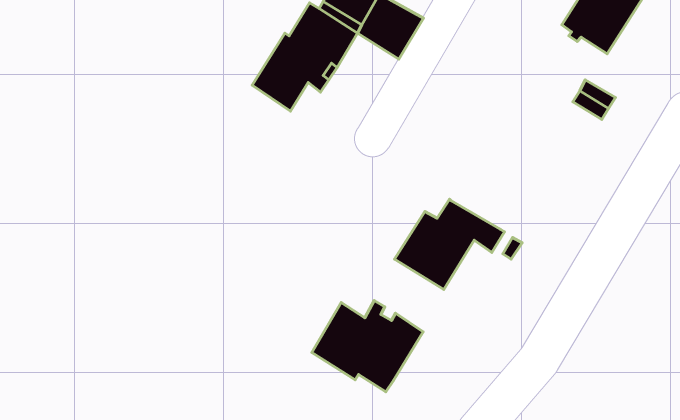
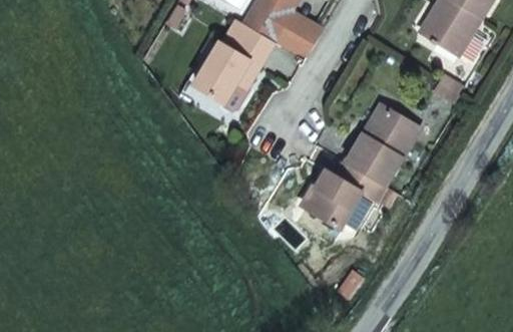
building: none -> [343,107,414,185]
building: [312,301,423,392] -> none

